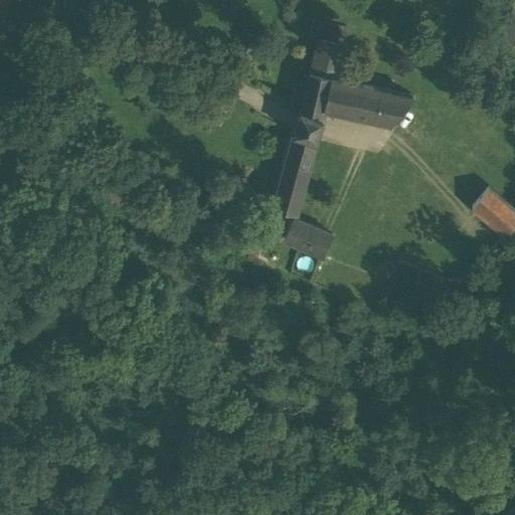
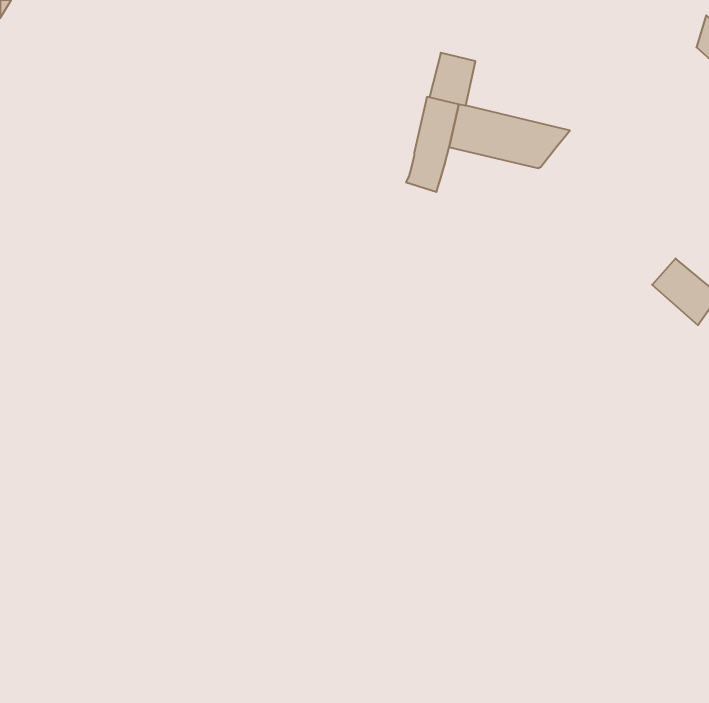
building: [275,137,317,216] -> none
building: [284,220,334,260] -> none

